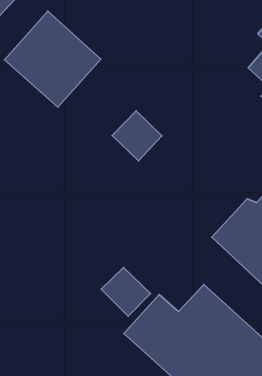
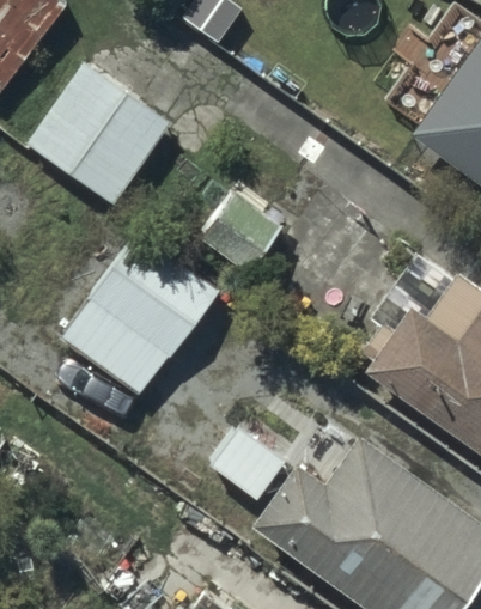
building: none -> [60,233,218,396]

